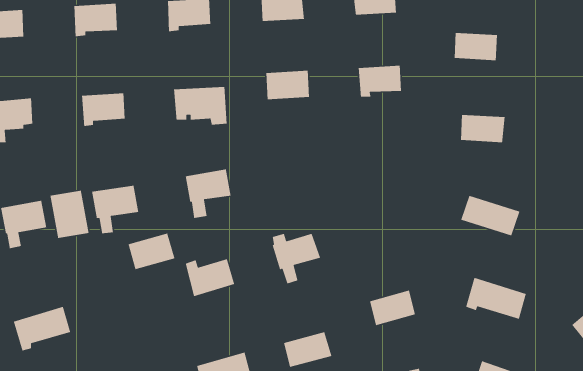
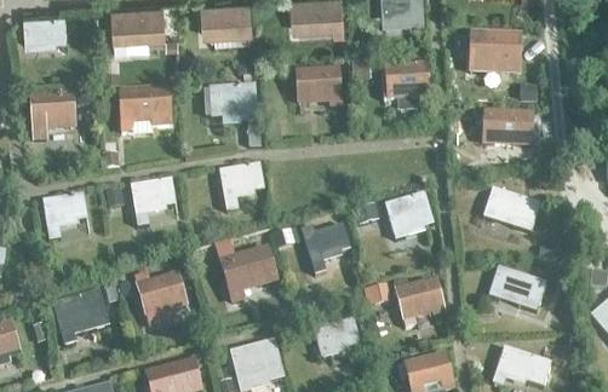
building: [49,190,90,239] -> none
building: none -> [385,198,432,235]
building: [127,232,175,270] -> [138,273,184,310]

